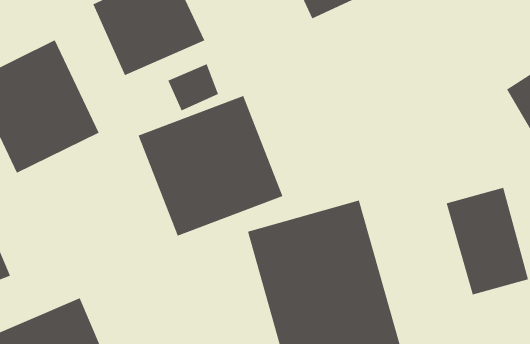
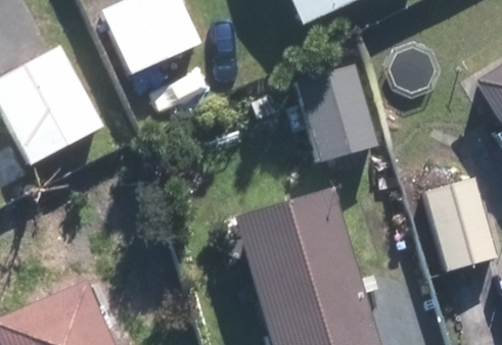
building: none -> [272,58,380,161]
building: [138,95,283,237] -> none

